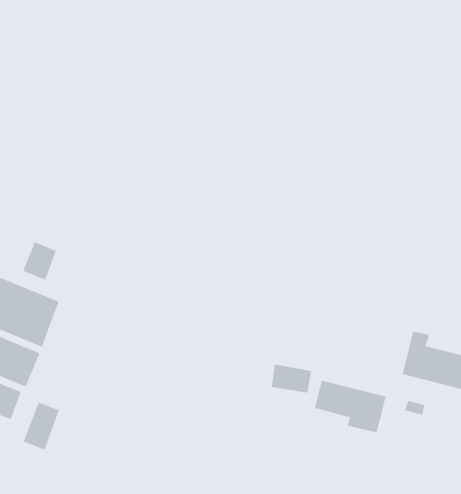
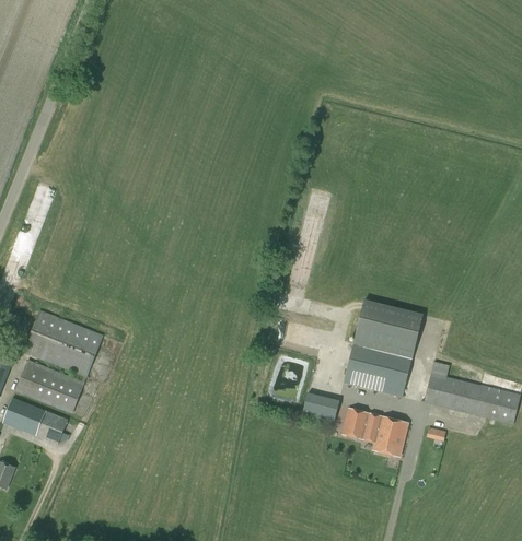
building: [23,242,56,281] -> none
building: none -> [344,299,422,398]
building: [23,402,59,450] -> none

